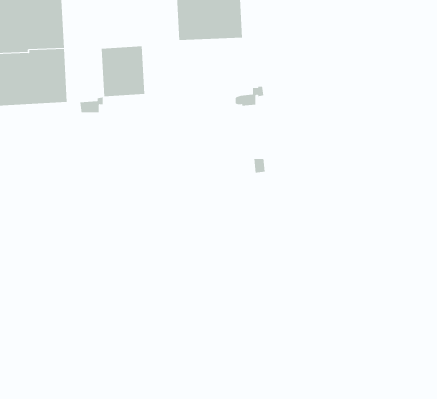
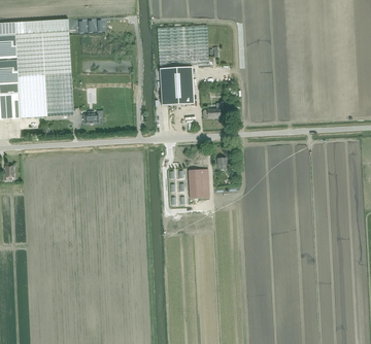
building: [101,46,145,97] -> [160,66,194,105]
building: none -> [189,169,209,199]

